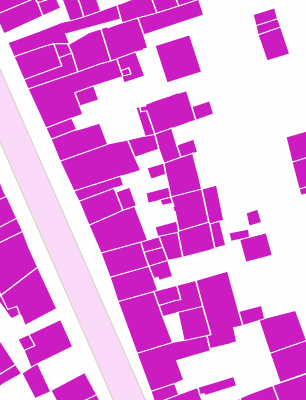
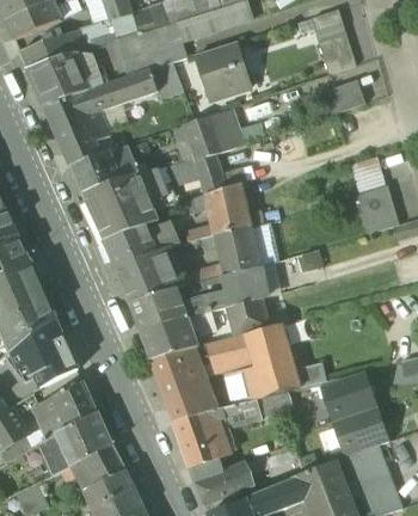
building: none -> [322,79,365,113]
building: [239,233,272,262] -> [228,299,268,333]
building: none -> [55,413,111,467]

